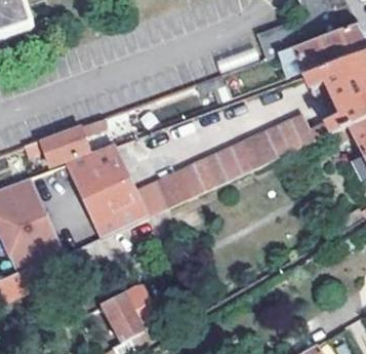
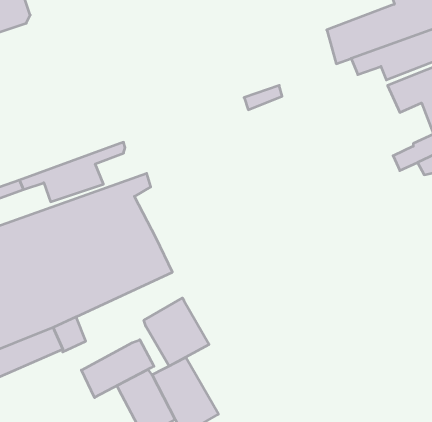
building: [129,113,314,217] -> none
building: none -> [144,298,209,366]
building: none -> [81,340,154,398]

